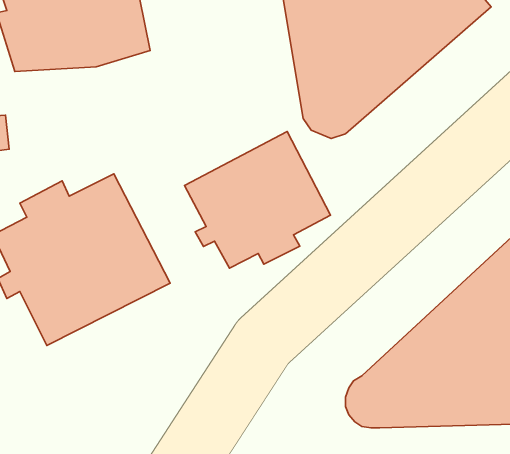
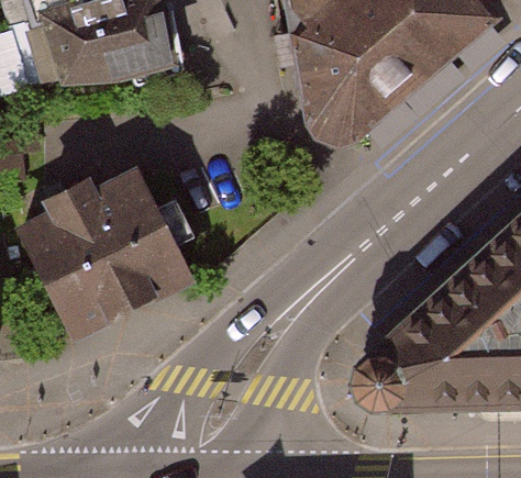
building: [184,131,330,268] -> none

